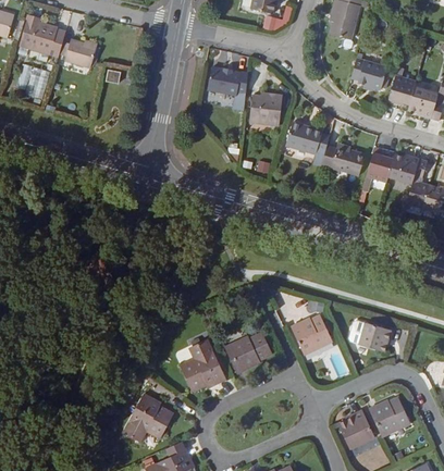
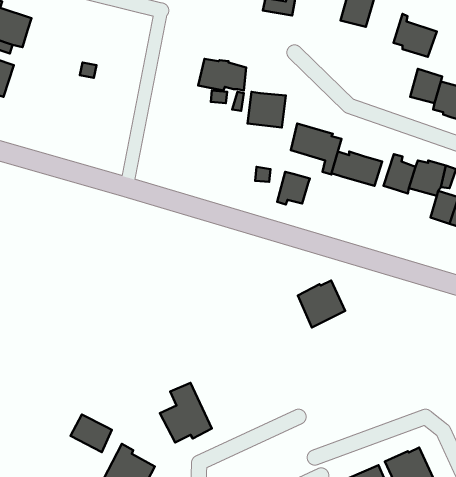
building: [57,38,97,70] -> none
building: [351,50,388,87] -> [394,14,437,57]
building: none -> [277,172,310,205]
building: [289,315,330,356] -> [298,280,345,327]
building: [357,324,392,354] -> none
building: [224,333,270,373] -> none
building: none -> [70,415,112,452]

